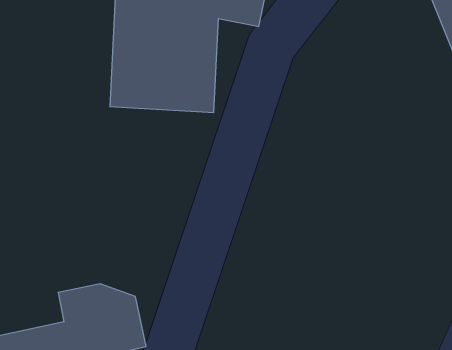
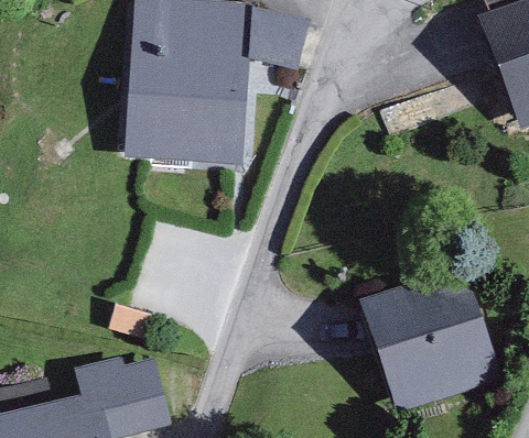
building: none -> [356,265,497,406]

